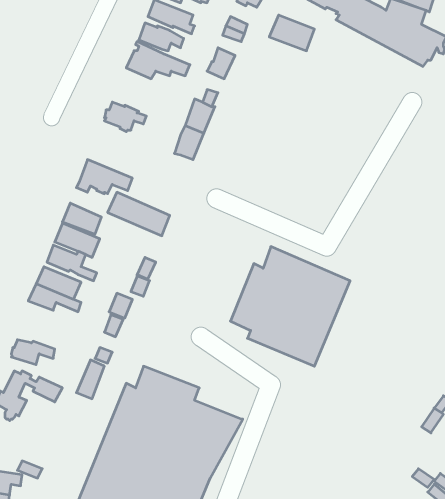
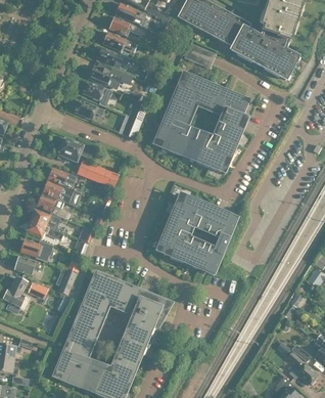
building: none -> [154,73,247,169]
building: none -> [81,79,111,105]
building: none -> [18,238,52,260]

